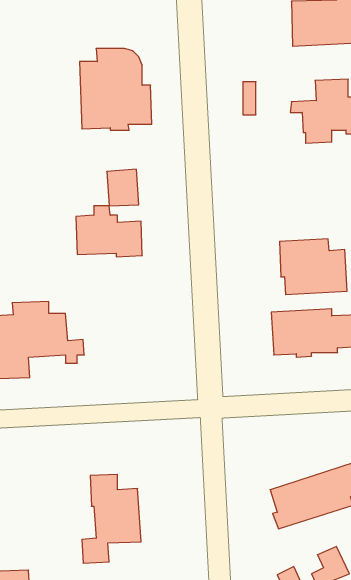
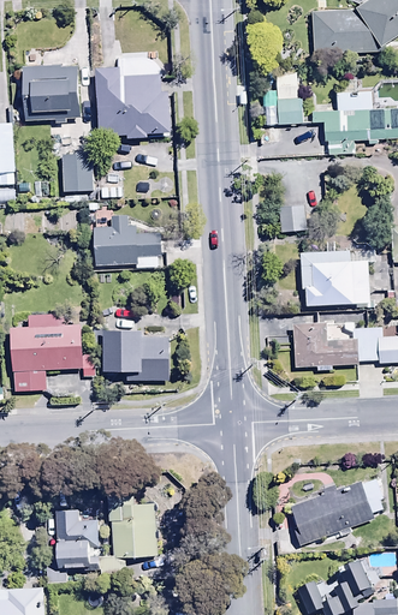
building: none -> [23,66,79,120]
building: none -> [278,72,302,124]
building: [107,169,139,206] -> [61,154,94,191]
building: none -> [279,204,305,233]
building: none -> [105,334,170,380]
building: none -> [58,509,99,571]

